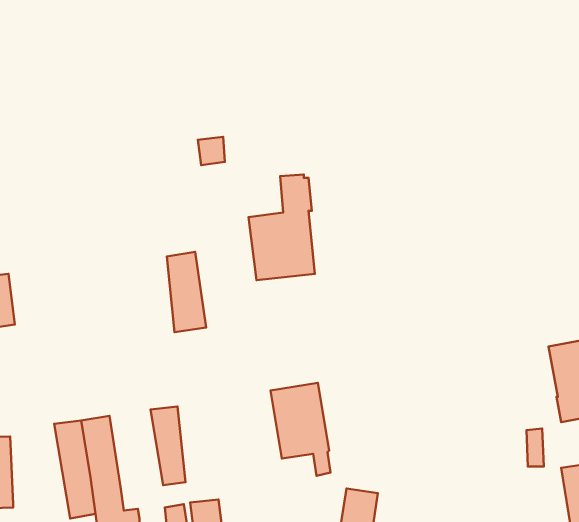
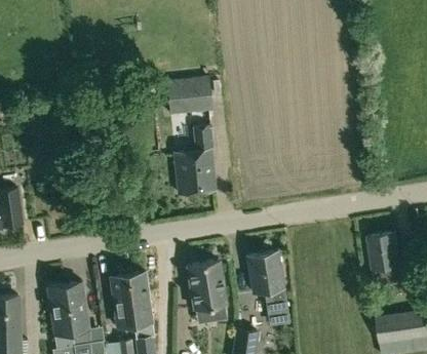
building: none -> [166,78,214,116]
building: [167,252,206,332] -> [127,274,153,326]
building: none -> [247,252,287,307]

